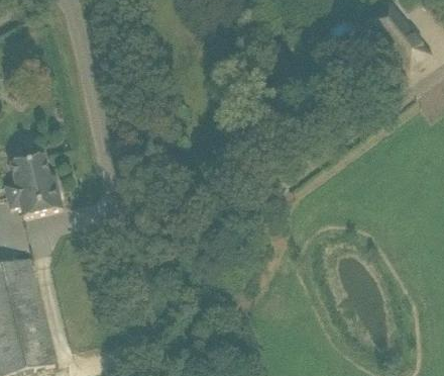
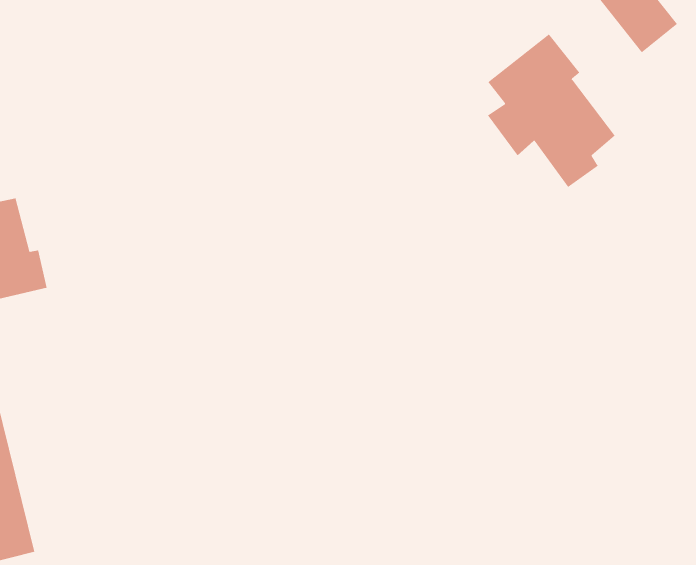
building: none -> [487,34,616,188]

